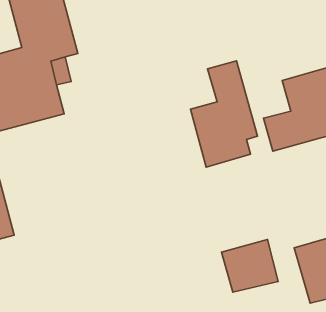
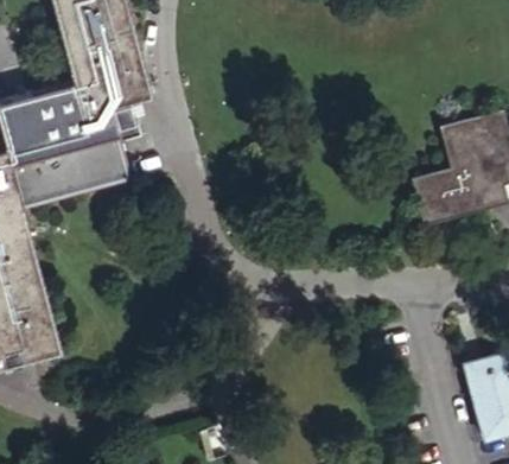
building: [191,61,257,167] -> none
building: [222,240,278,292] -> none

